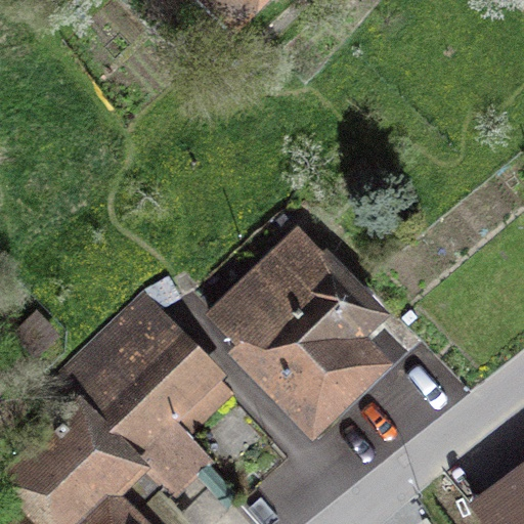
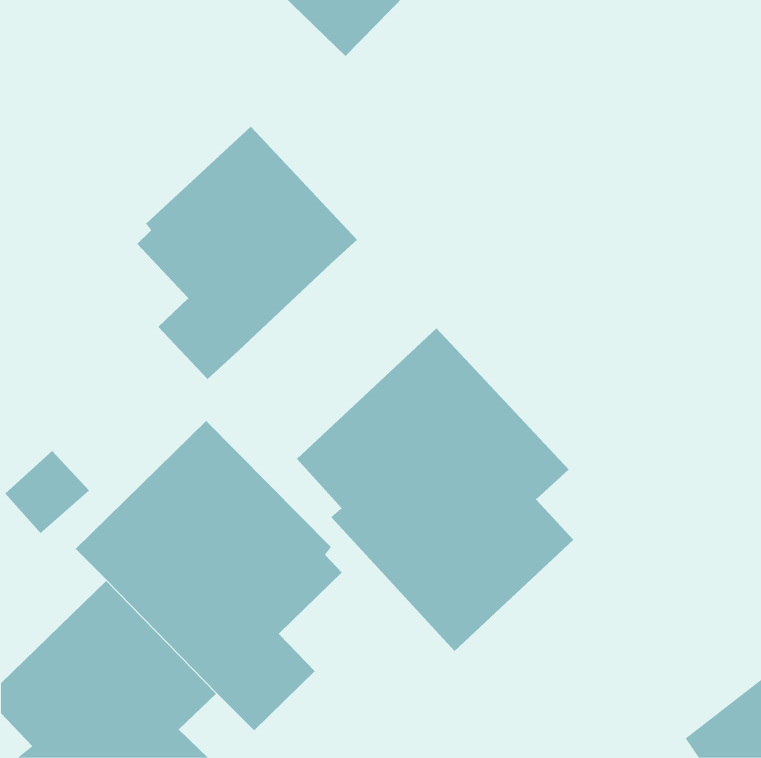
building: none -> [137,126,358,380]

